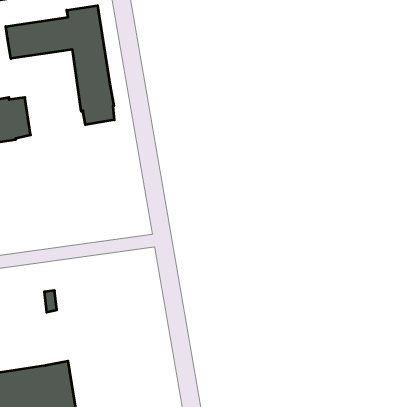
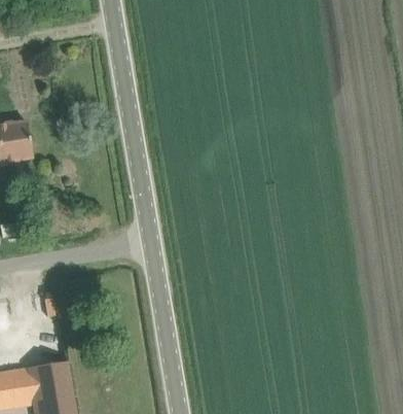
building: [6,6,114,125] -> none

